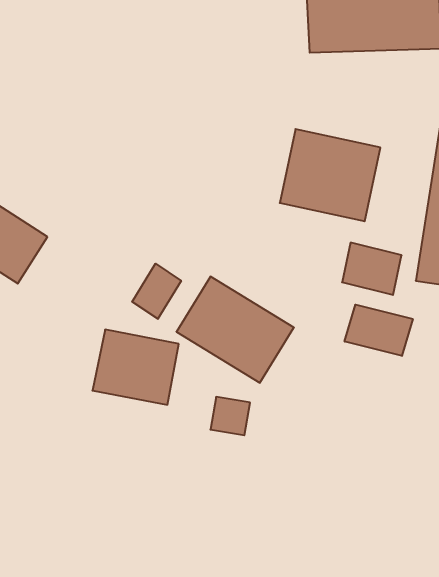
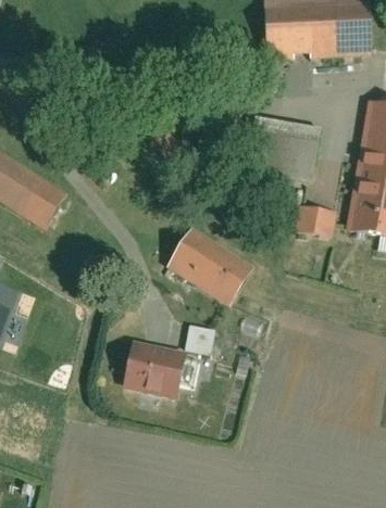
building: [132,264,181,319] -> none
building: [345,305,413,356] -> none
building: [92,330,179,405] -> [122,339,188,396]

